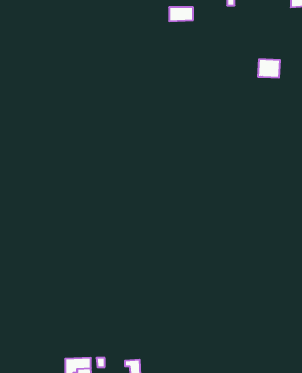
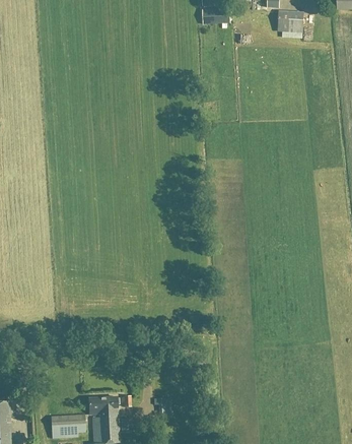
building: [258,59,280,78] -> [278,11,302,31]

